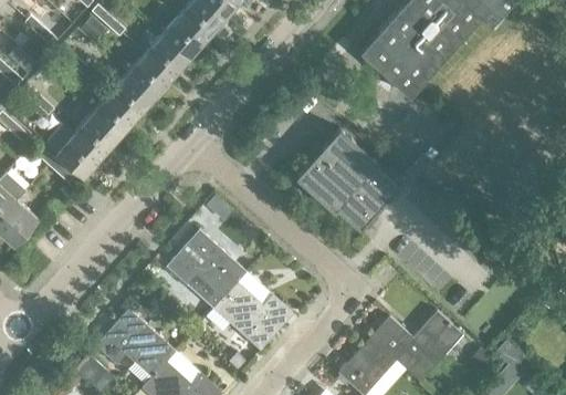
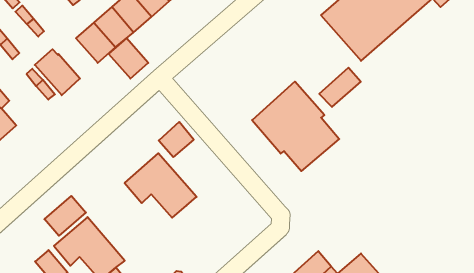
building: none -> [319,68,361,107]
building: [73,112,118,156] -> [109,38,148,79]
building: [212,282,293,351] -> none
building: none -> [44,196,86,236]

